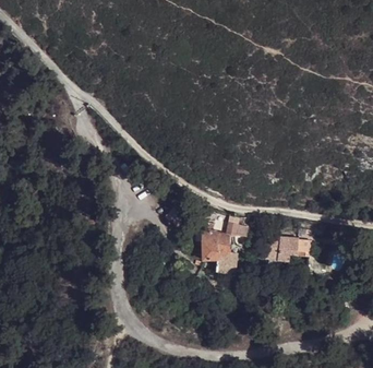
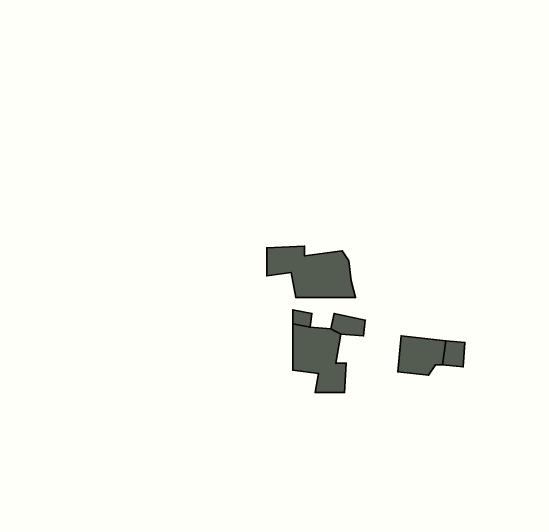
building: none -> [267,246,356,297]

